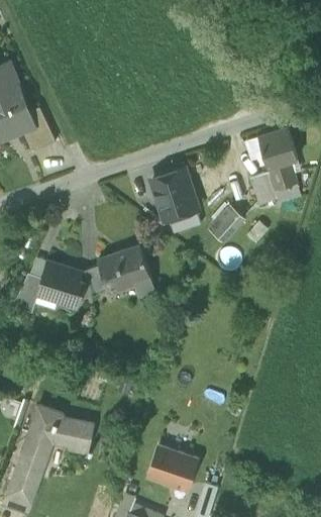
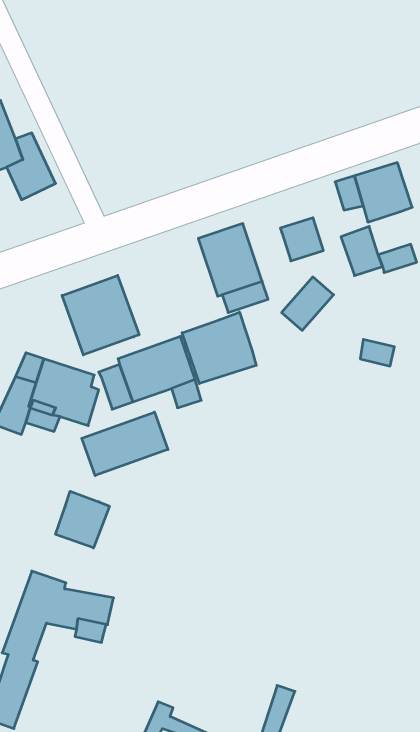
building: [266,161,296,190] -> [280,218,323,261]
building: none -> [62,275,139,355]
building: none -> [182,312,256,384]
building: none -> [82,412,168,476]
building: none -> [56,491,109,548]
building: [147,445,196,489] -> none

